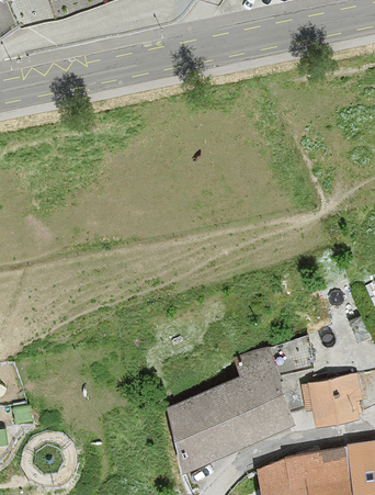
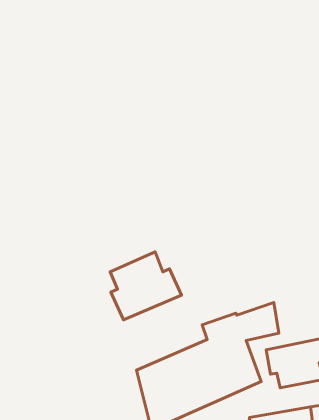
building: none -> [110,252,181,320]

